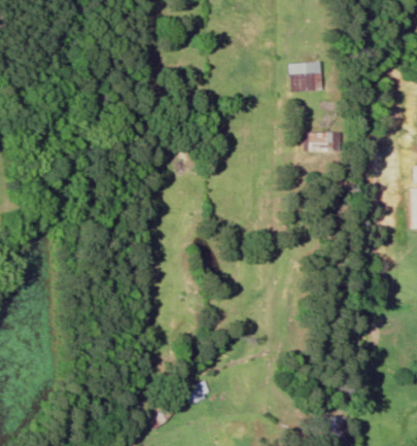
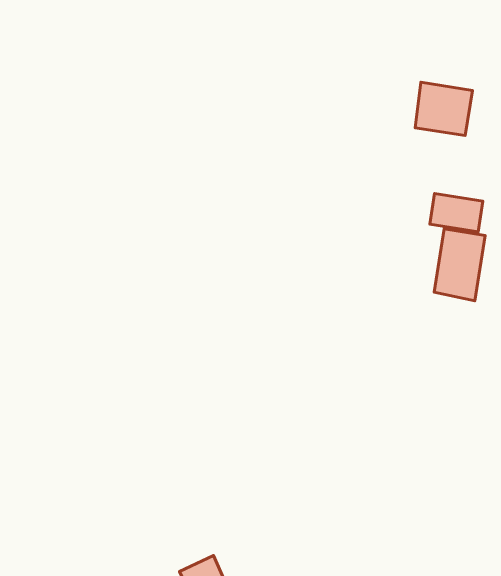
building: none -> [434,229,485,301]

